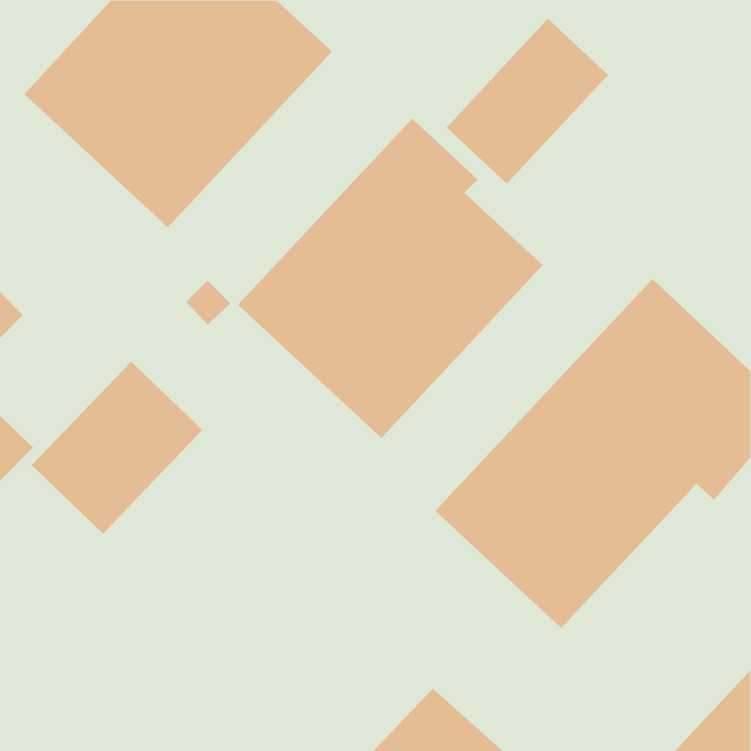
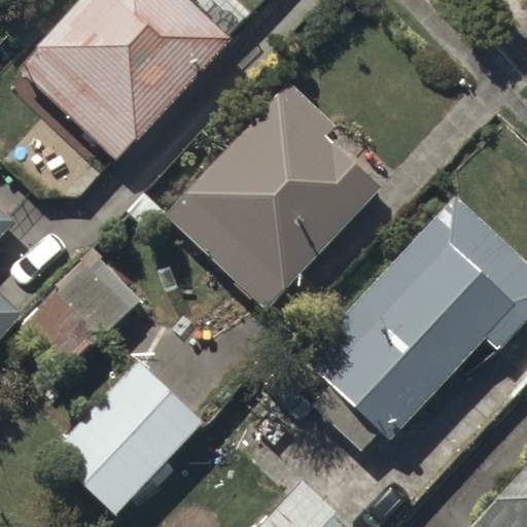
building: [446,18,609,184] -> none
building: none -> [51,359,204,513]

